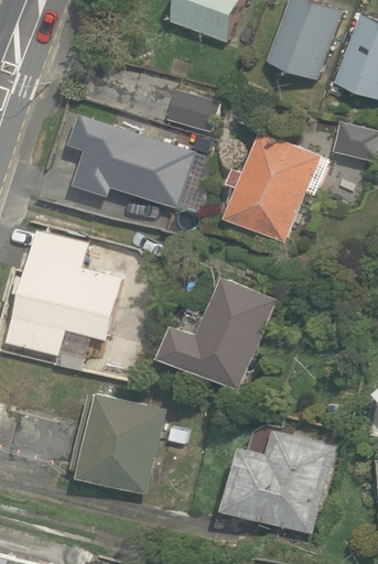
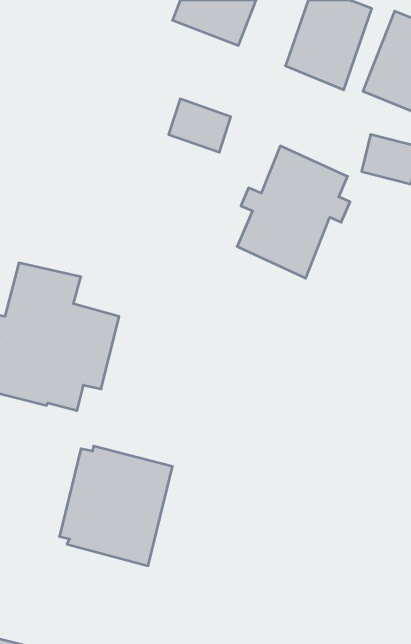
building: [67,113,195,209] -> none
building: [158,275,278,391] -> none
building: [223,429,335,535] -> none

